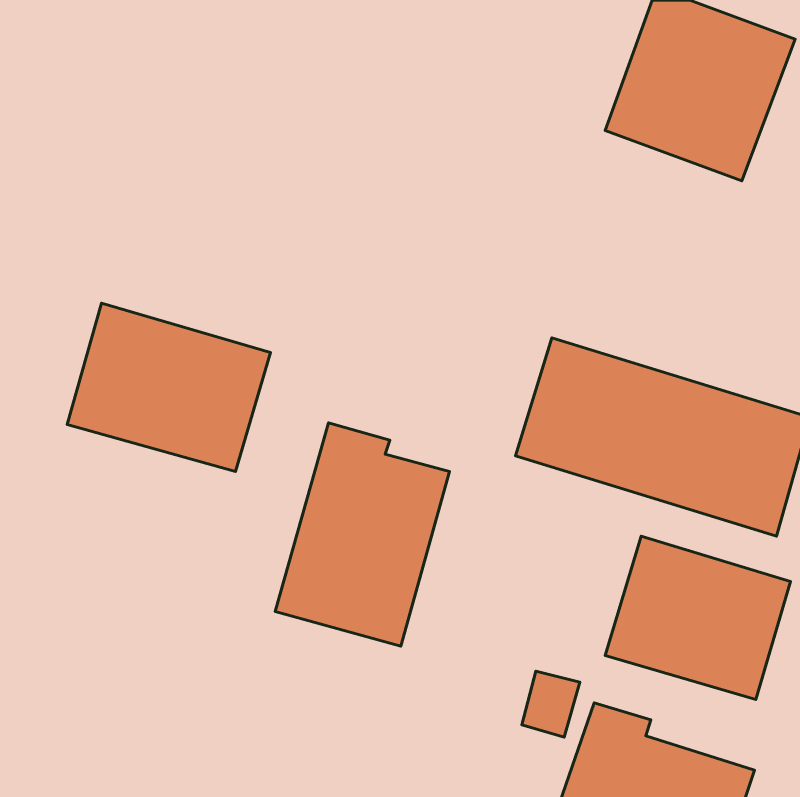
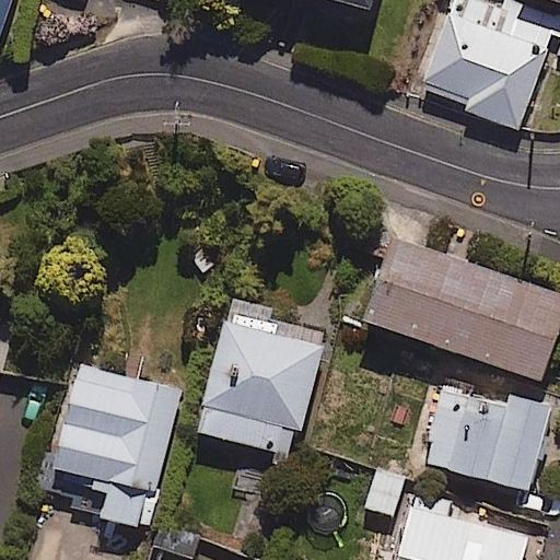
building: [67,303,270,471] -> none
building: none -> [44,364,183,528]

